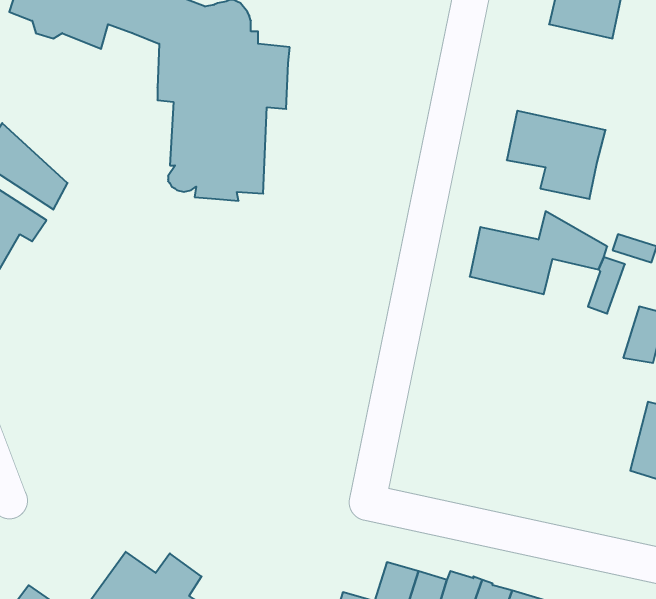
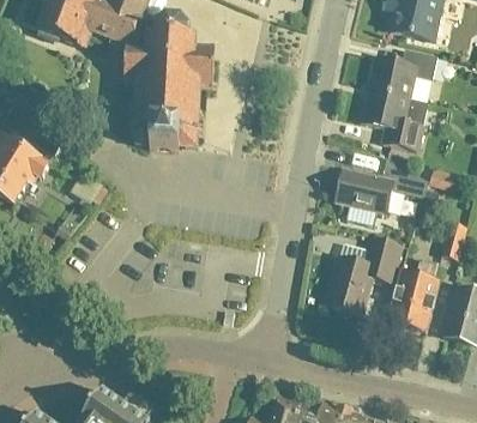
building: none -> [368,49,437,103]
building: none -> [325,237,403,315]
building: none -> [388,260,439,331]

